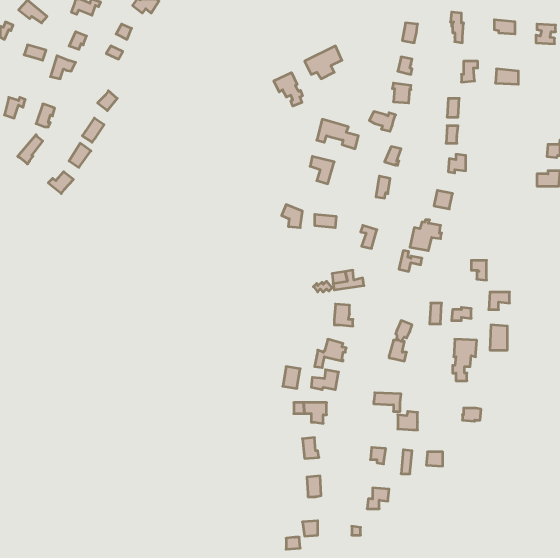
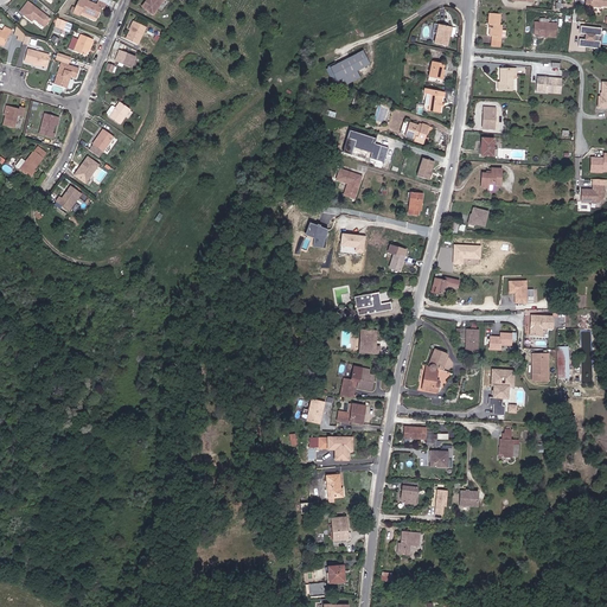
building: [274,73,302,106] -> none

